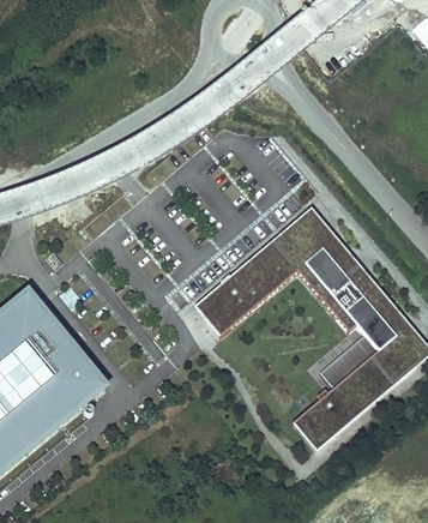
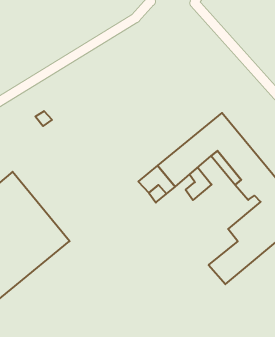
building: none -> [186,168,212,200]

